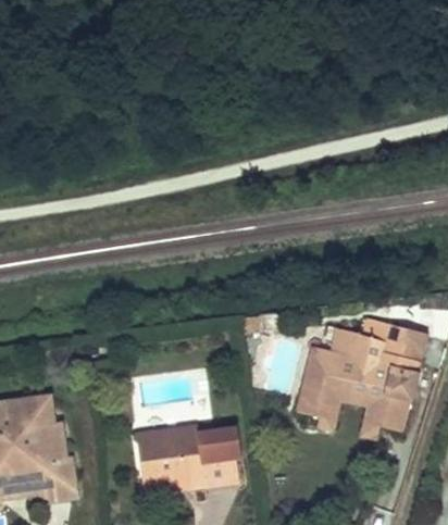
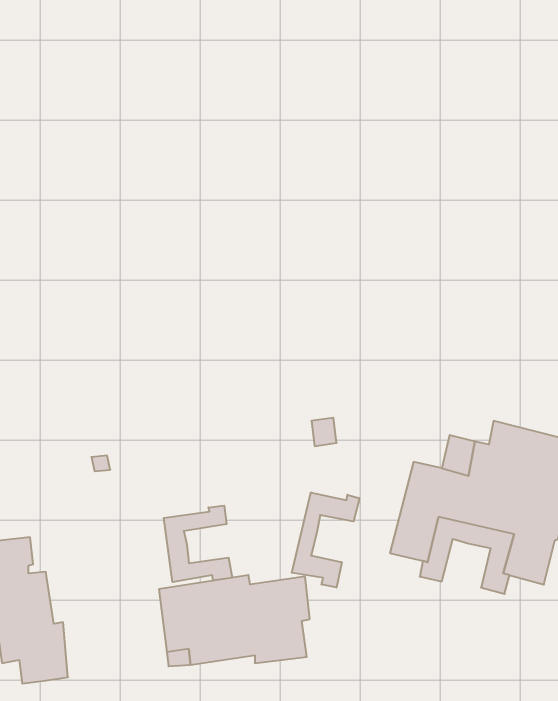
building: none -> [292,492,359,588]
building: none -> [164,506,232,582]

